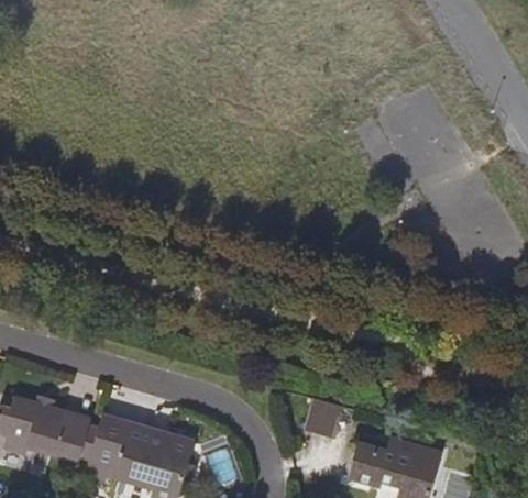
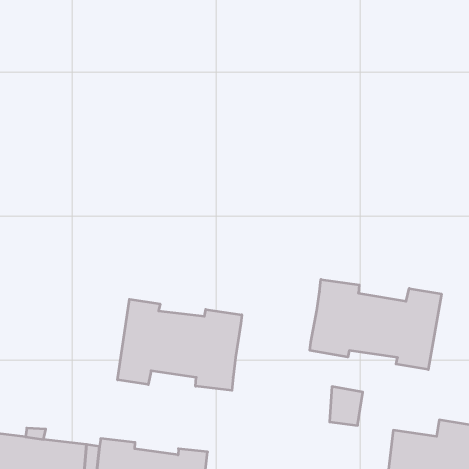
building: none -> [118,299,242,390]
building: none -> [310,279,441,370]

